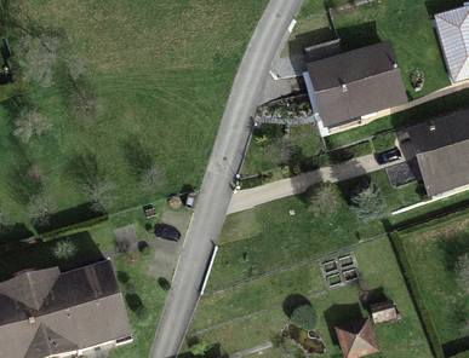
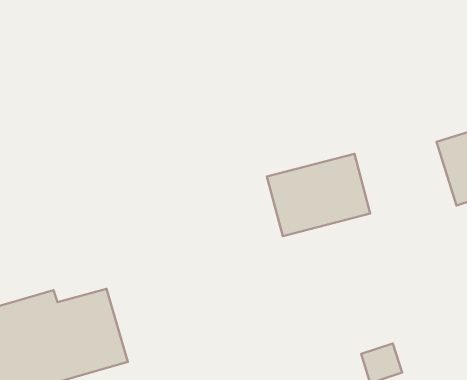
building: [309,46,404,121] -> [267,154,370,236]

